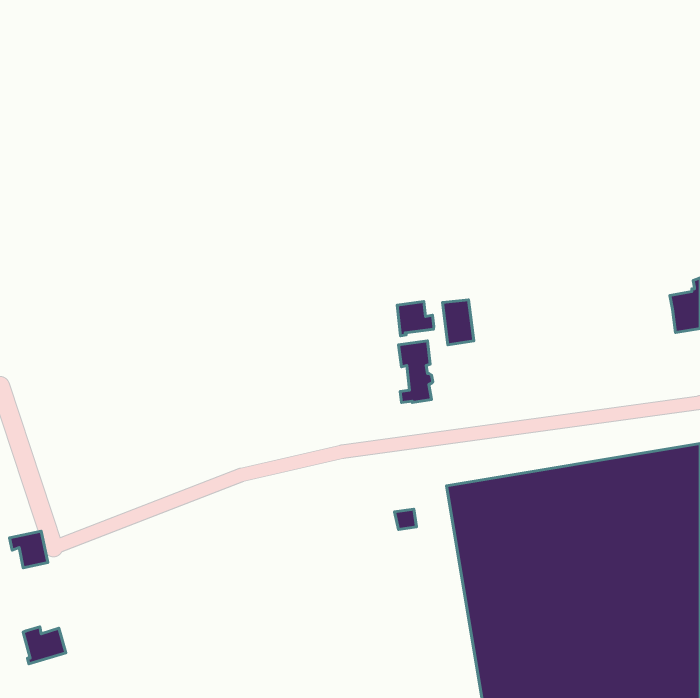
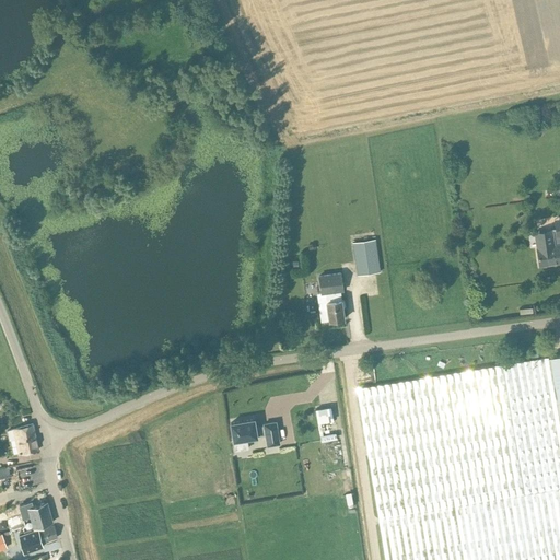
building: [397,302,434,336] -> none
building: none -> [231,420,279,447]
building: none -> [20,527,57,552]

